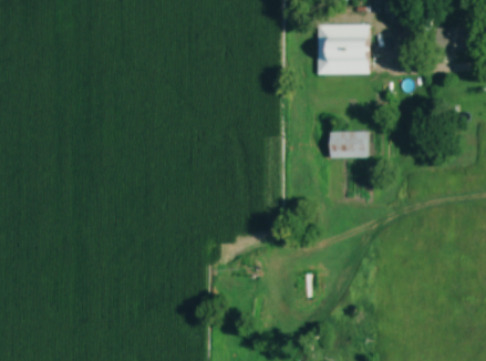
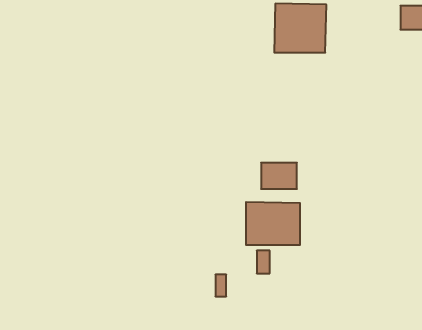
building: [330,131,366,157] -> [261,163,297,189]
building: none -> [246,202,300,245]

